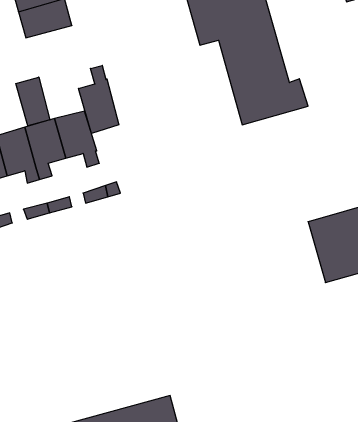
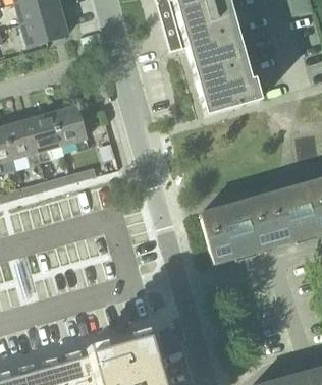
building: [79,65,119,134] -> none
building: [16,77,50,126] -> none
building: none -> [202,195,277,262]

